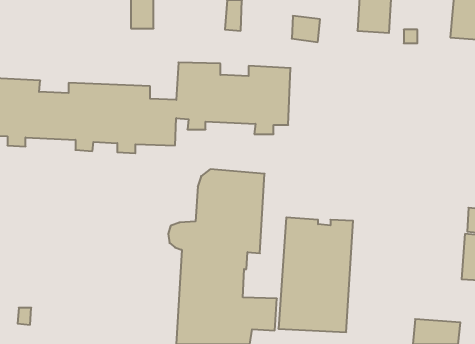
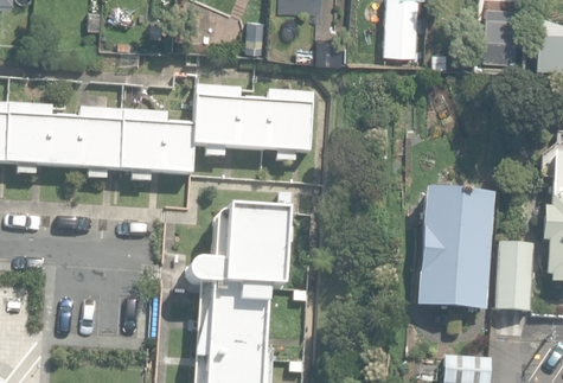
building: [278,217,353,332] -> [416,191,494,311]

